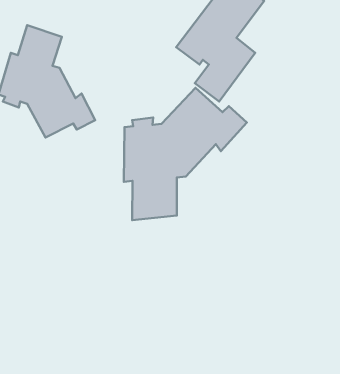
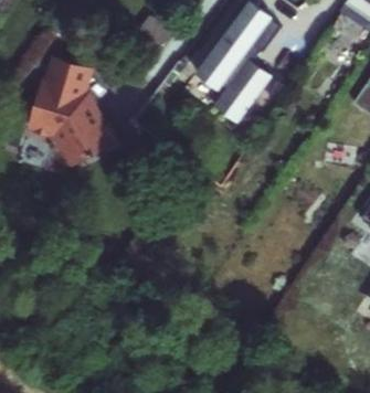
building: [124,88,247,220] -> none

